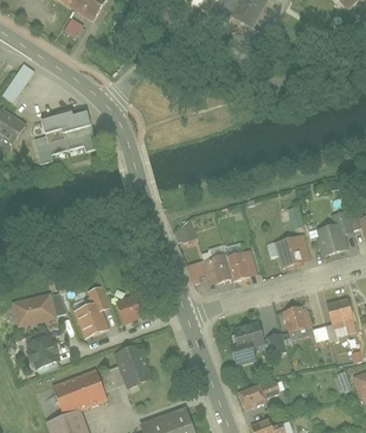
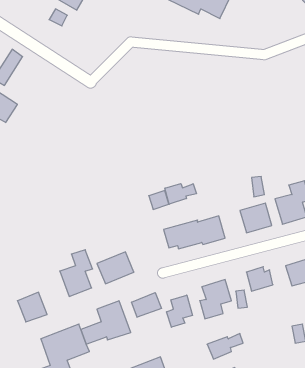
building: [33,110,99,164] -> none
building: none -> [165,184,196,204]
building: [12,291,57,327] -> none
building: none -> [132,293,161,317]
building: none -> [167,295,192,327]

